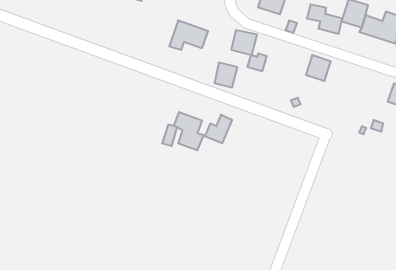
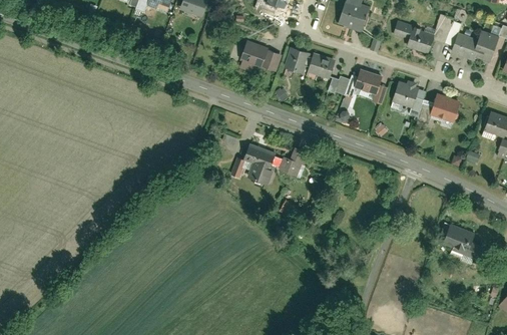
building: none -> [354,68,387,105]
building: [214,63,237,88] -> [283,45,309,73]
building: none -> [429,93,461,123]
building: none -> [442,224,481,261]

